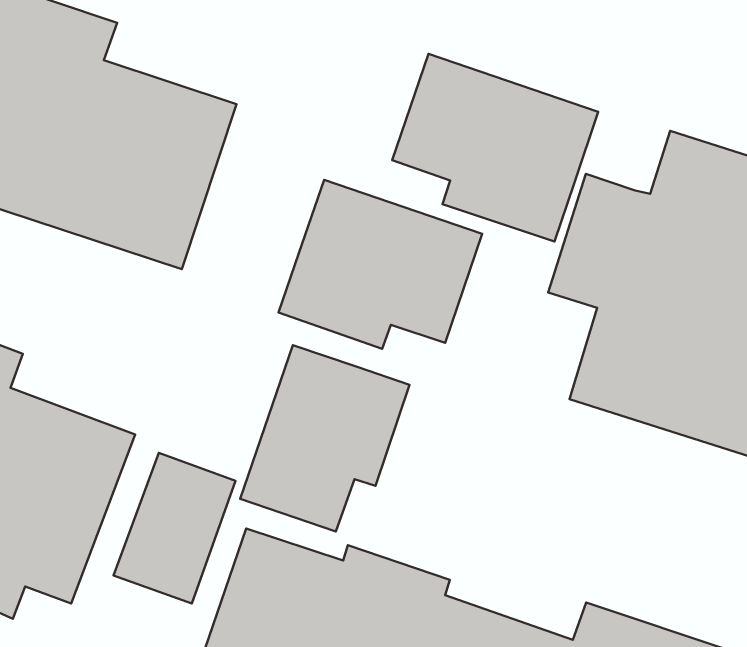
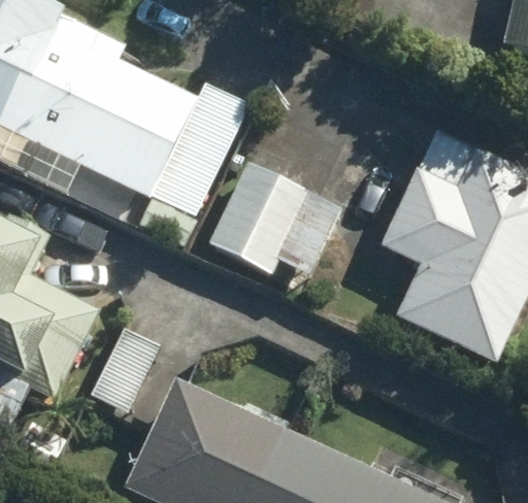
building: [392,54,598,242] -> none
building: [240,345,410,531] -> none

